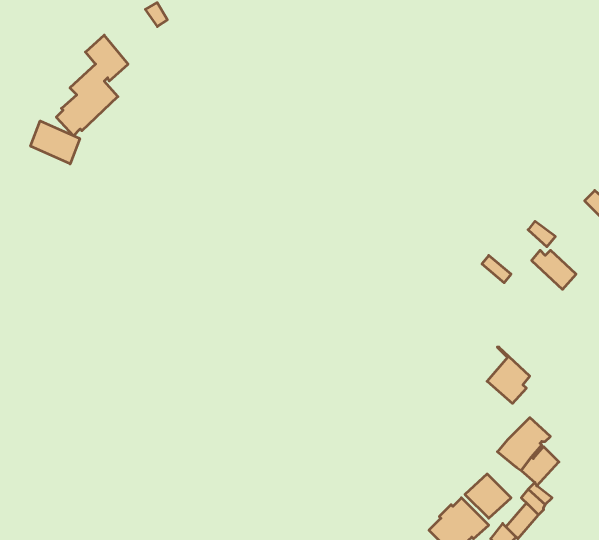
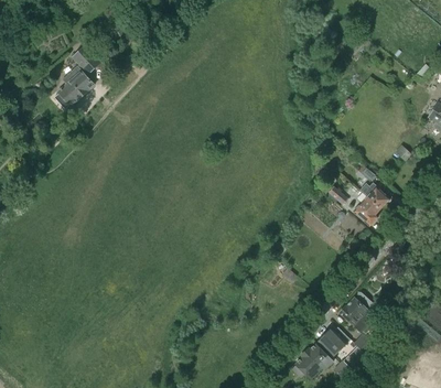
building: [31,121,80,164] -> none
building: [487,347,530,403] -> [353,190,380,226]

